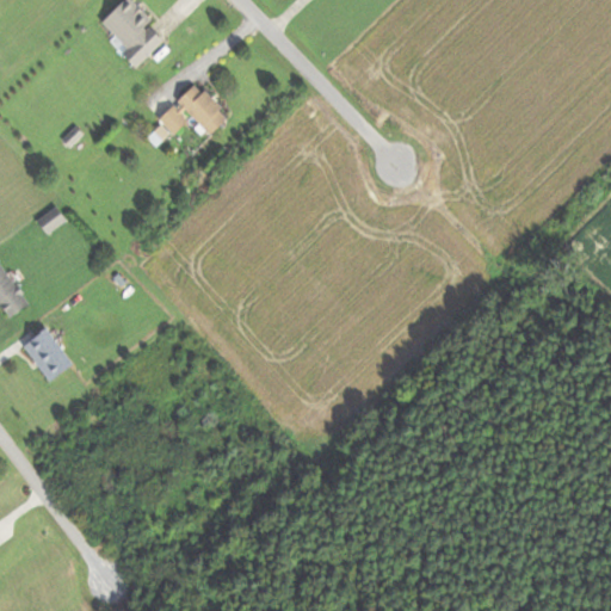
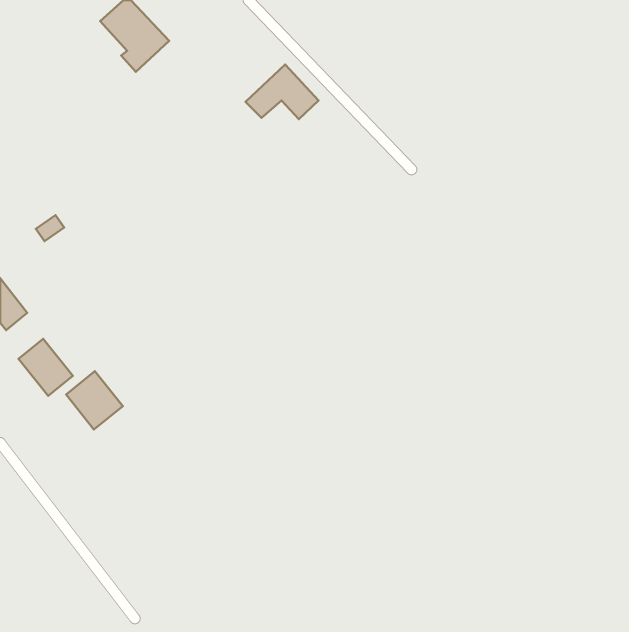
building: [156,82,227,135] -> [246,65,319,119]
building: none -> [66,371,123,429]

